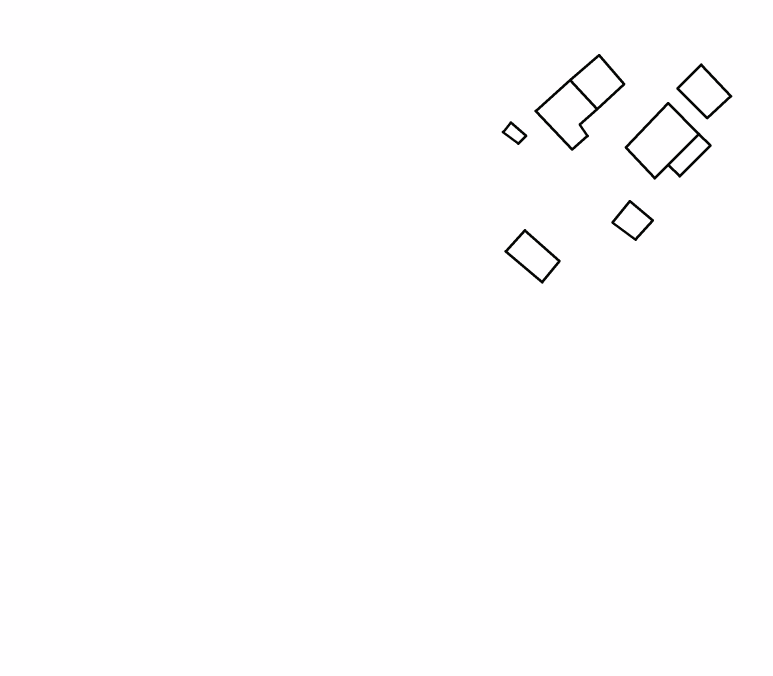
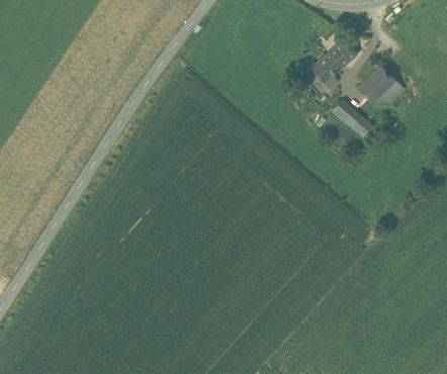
building: [678,65,731,118] -> none
building: [506,230,559,282] -> [332,100,360,127]

